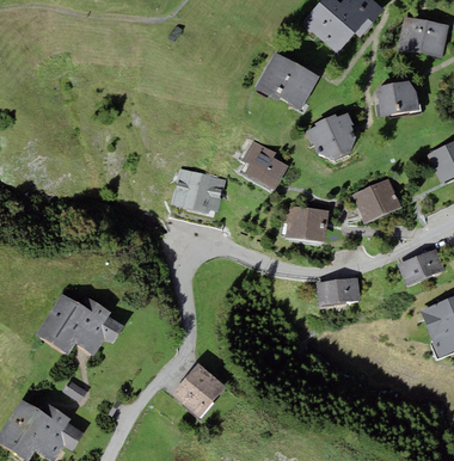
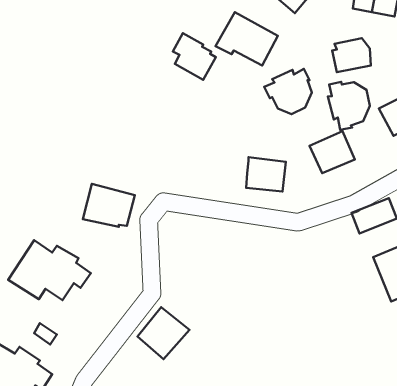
building: none -> [328,82,370,130]
building: [241,141,287,190] -> [173,33,216,80]
building: [170,167,225,213] -> [83,184,135,227]
building: [314,277,360,305] -> none

